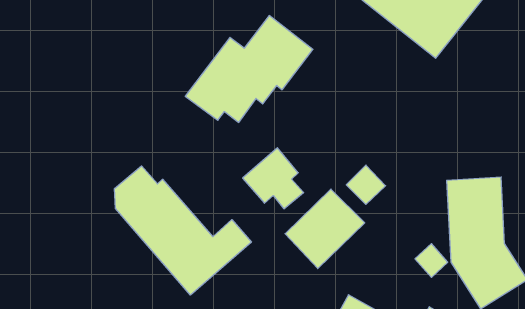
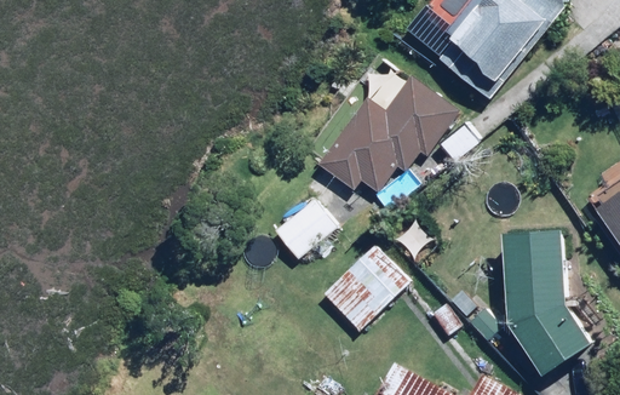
building: [185,16,313,122] -> [318,74,460,193]
building: [114,166,251,295] -> none

